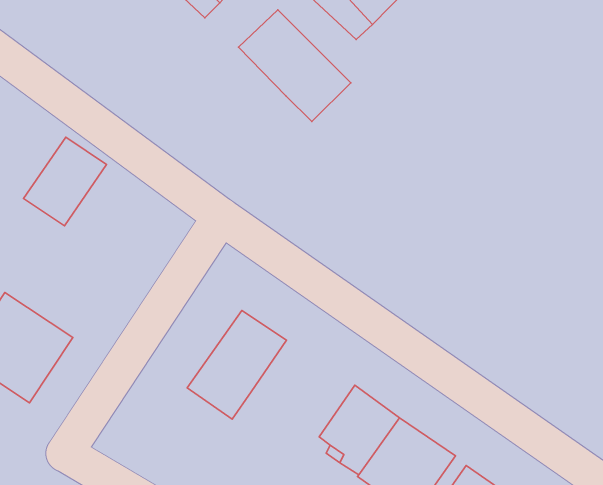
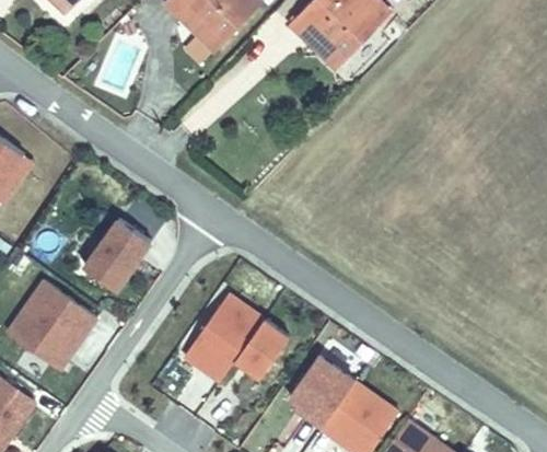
building: [238,10,351,122] -> none
building: [24,137,107,226] -> [82,220,149,291]
building: none -> [240,318,294,378]

